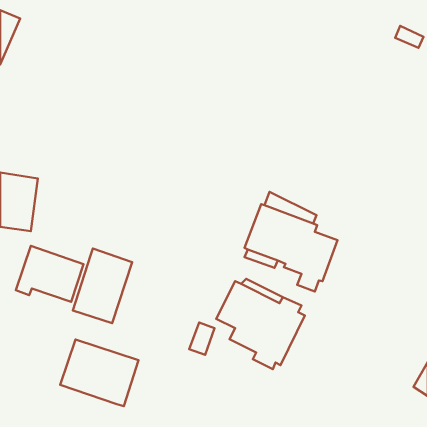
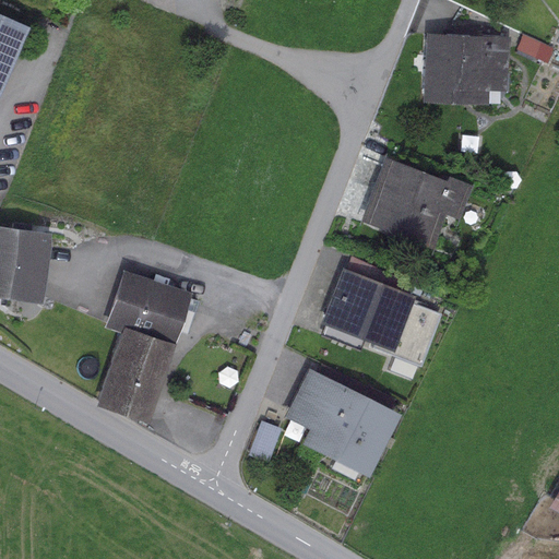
building: none -> [424,34,509,105]
building: none -> [361,158,474,248]
building: [16,246,84,302] -> [102,270,190,343]
building: [60,339,139,406] -> none

